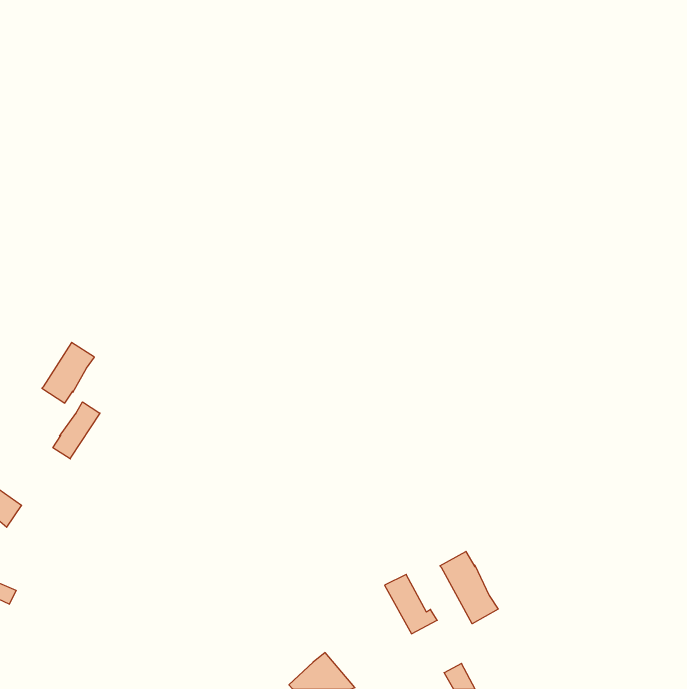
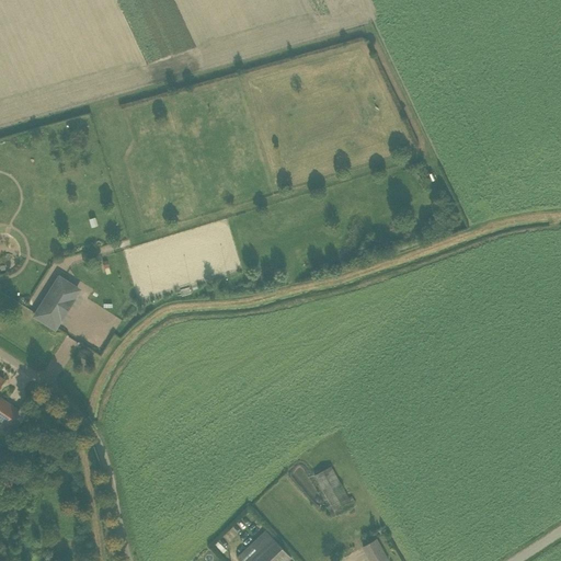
building: [53,402,100,459] -> none
building: [440,551,498,624] -> none

